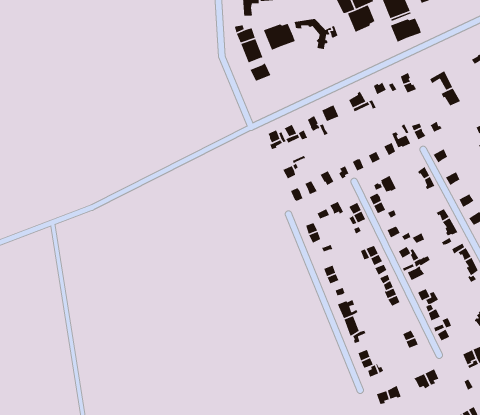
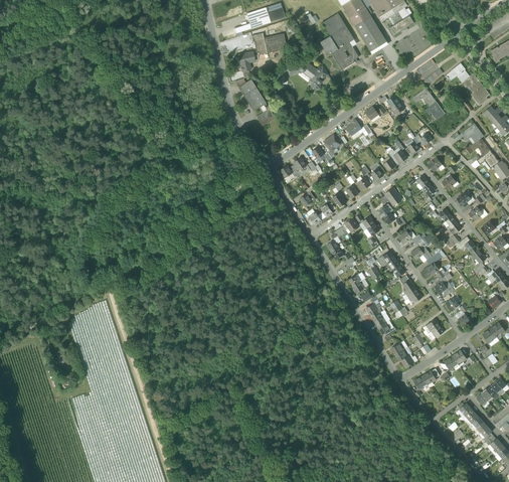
building: [390,18,422,43] -> none
building: [263,23,296,51] -> none

